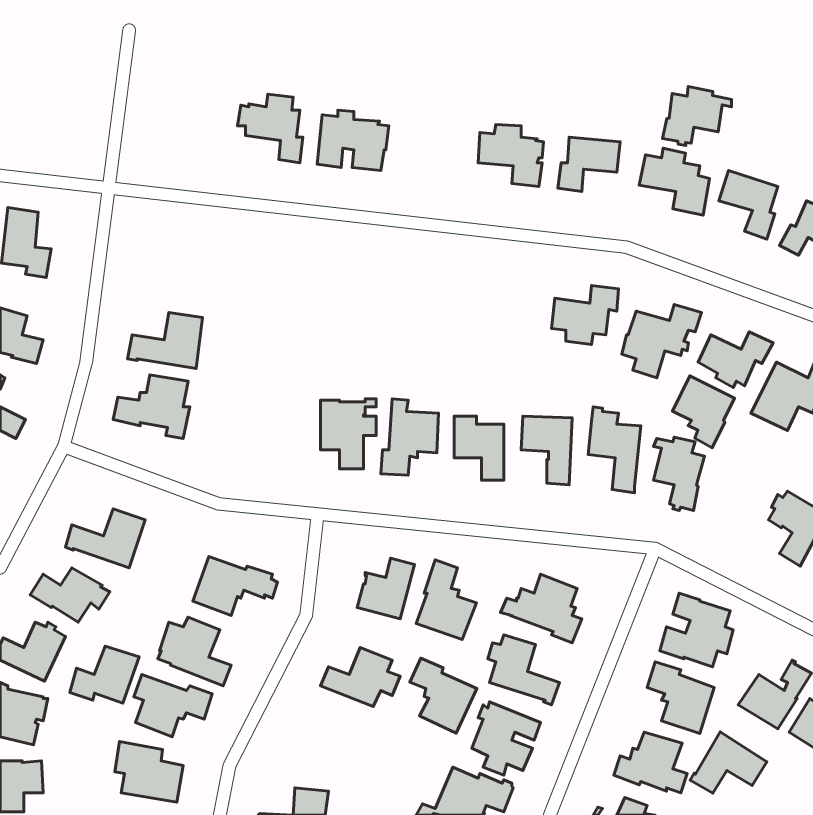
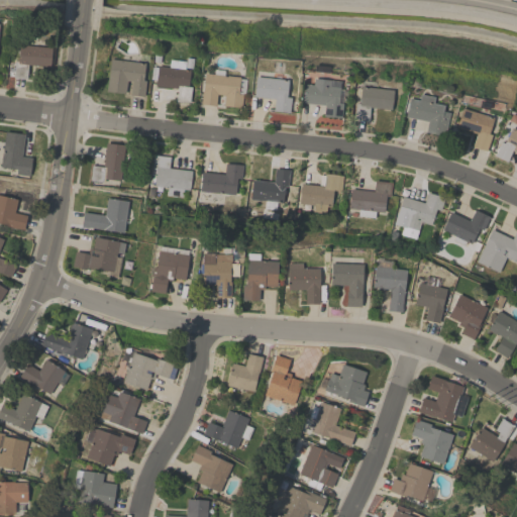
building: none -> [14,44,53,79]
building: [663,87,732,145] -> none
building: none -> [107,60,147,97]
building: none -> [254,71,292,113]
building: none -> [91,143,126,182]
building: none -> [152,154,193,197]
building: none -> [201,164,244,199]
building: none -> [250,169,290,210]
building: none -> [300,174,344,213]
building: [672,376,735,448] -> [448,294,488,339]
building: none -> [151,246,190,293]
building: [70,646,139,703] -> none
building: [410,658,477,733] -> [191,445,233,493]
building: [690,732,767,793] -> none

